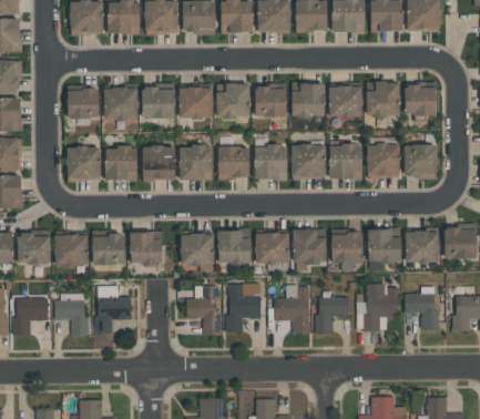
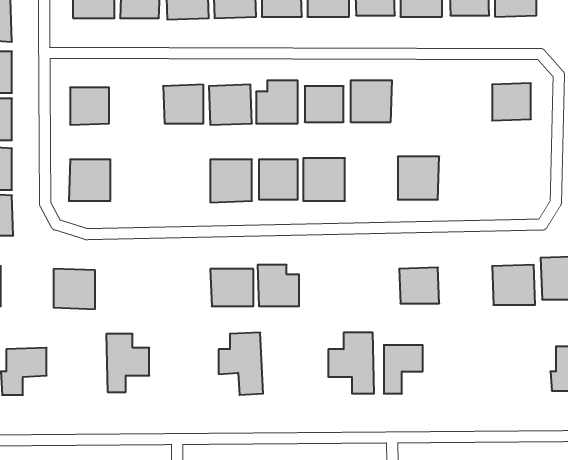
building: [366,82,400,117] -> none
building: [328,85,361,116] -> none
building: [103,88,137,120] -> none
building: [366,143,399,177] -> none
building: [292,144,326,178] -> none
building: [404,144,438,178] -> none
building: [142,145,175,180] -> none
building: [104,146,137,180] -> none
building: [293,228,326,270] -> none
building: [368,228,400,263] -> none
building: [130,232,162,265] -> none
building: [255,232,288,264] -> none
building: [18,234,51,264] -> none
building: [92,234,125,265] -> none
building: [227,283,261,333] -> none
building: [356,285,398,330] -> none
building: [405,286,439,329] -> none
building: [55,293,86,336] -> none

